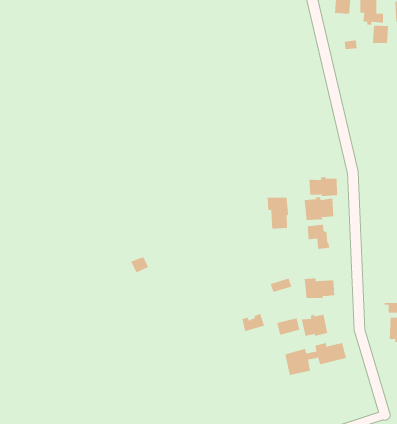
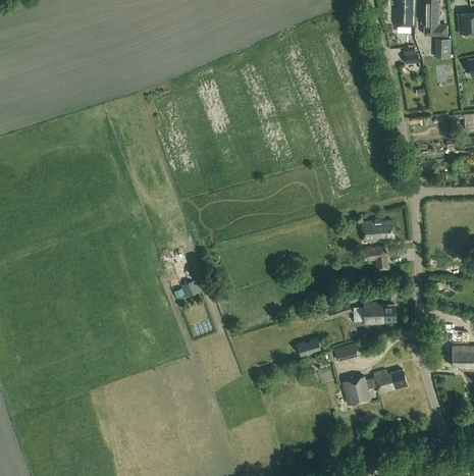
building: [309,176,338,197] -> none
building: [267,197,289,229] -> none
building: [301,314,328,337] -> none

